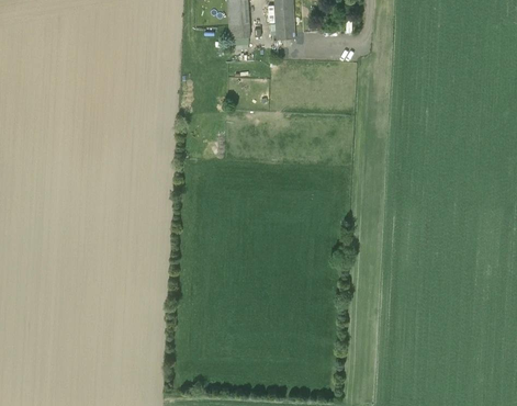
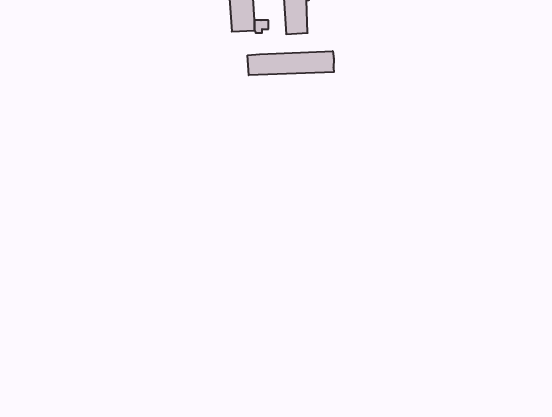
building: none -> [248,51,334,75]

